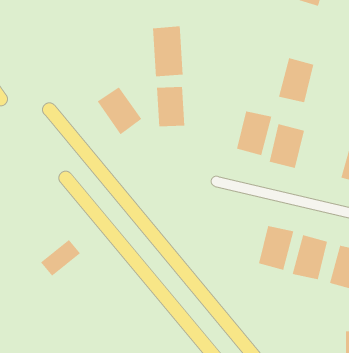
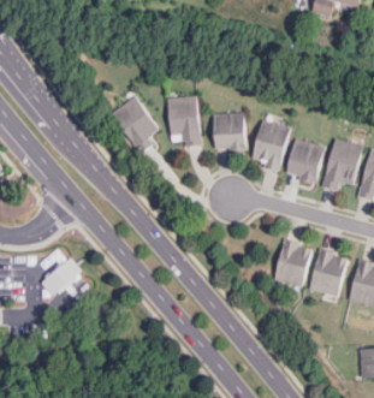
building: [153,26,183,77] -> none
building: [278,58,314,103] -> [321,144,358,191]
building: none -> [210,113,241,156]

